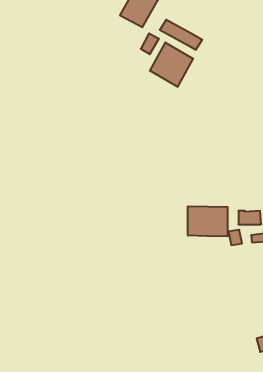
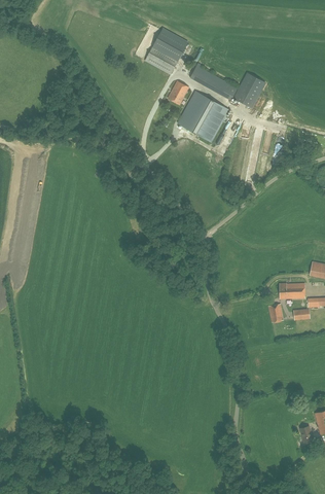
building: none -> [233,72,264,107]
building: [188,206,228,236] -> none

